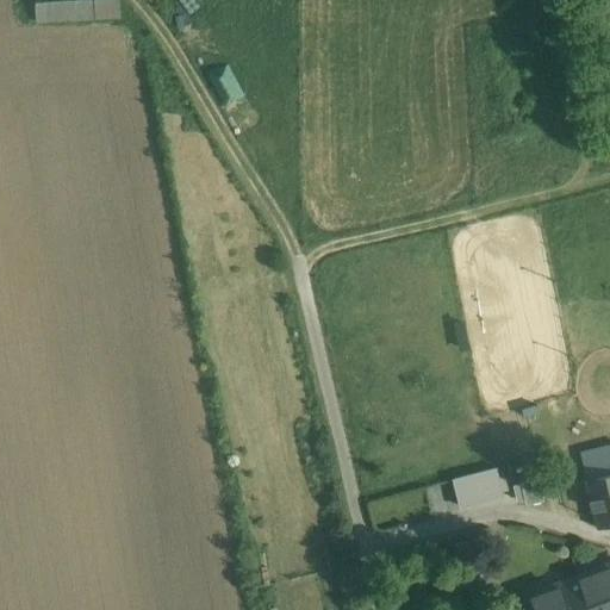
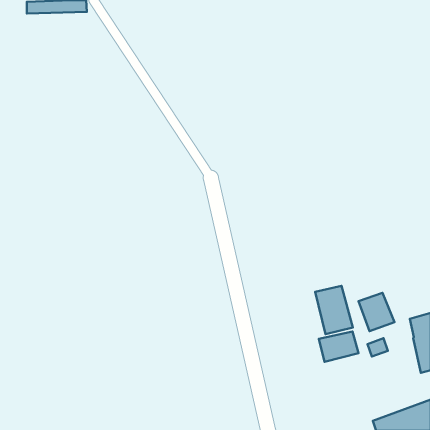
building: none -> [315,286,353,334]
building: none -> [358,293,394,331]

